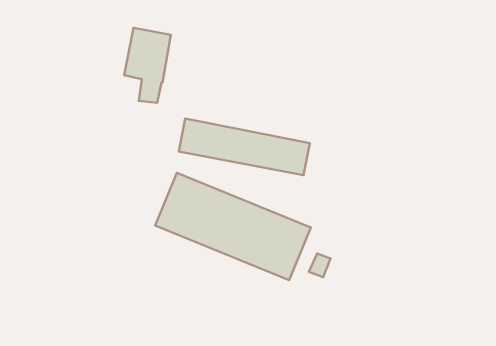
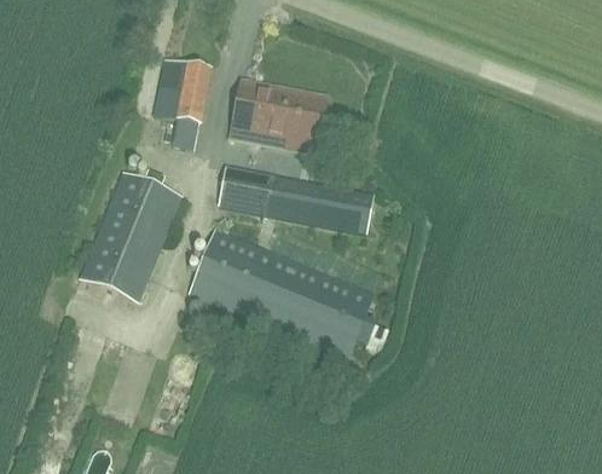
building: none -> [232,79,328,151]
building: none -> [80,170,181,300]

